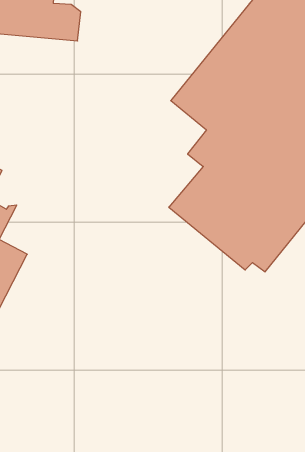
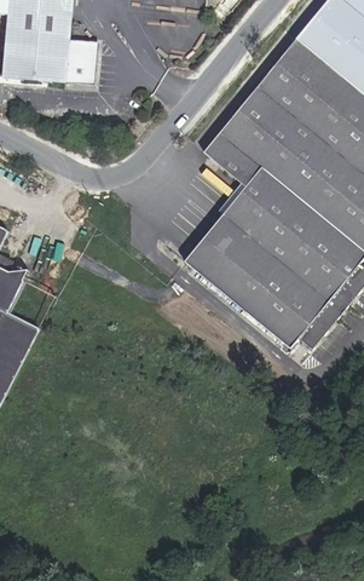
building: none -> [185,213,242,275]

